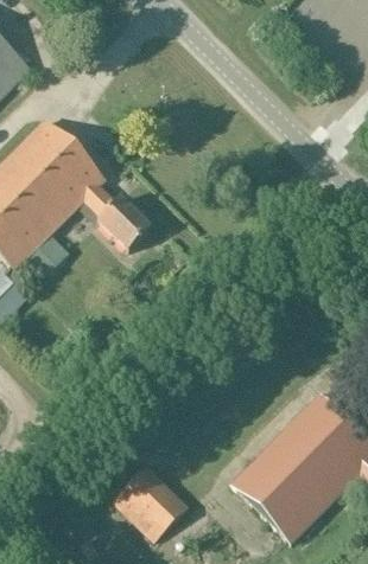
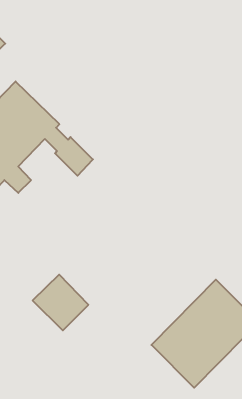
building: [112,463,189,540] -> [33,275,88,330]

